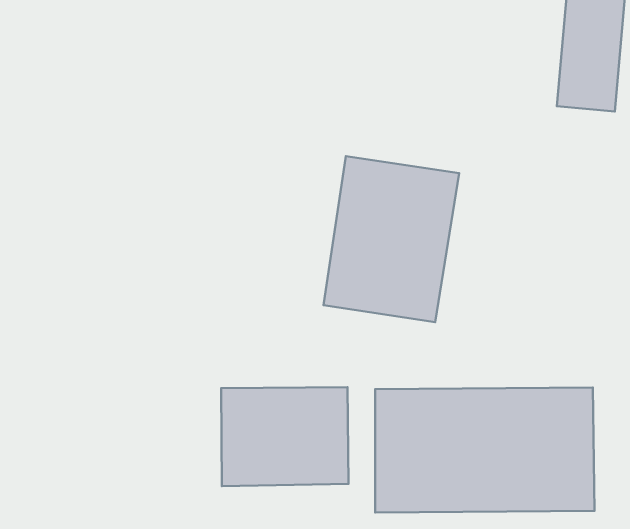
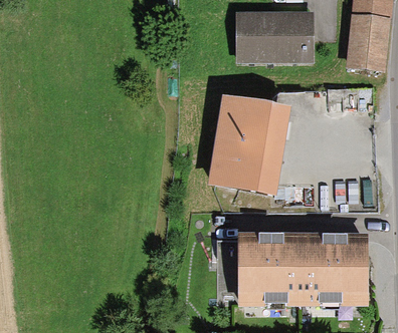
building: none -> [234,11,315,65]
building: [221,387,348,486] -> none

